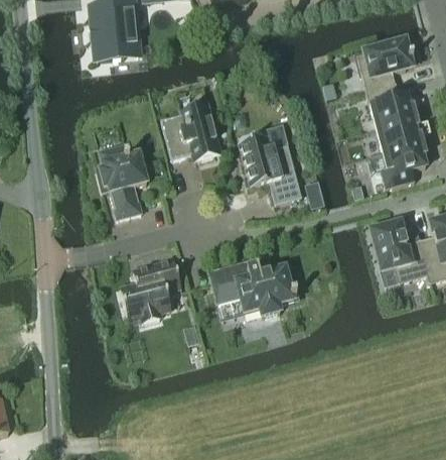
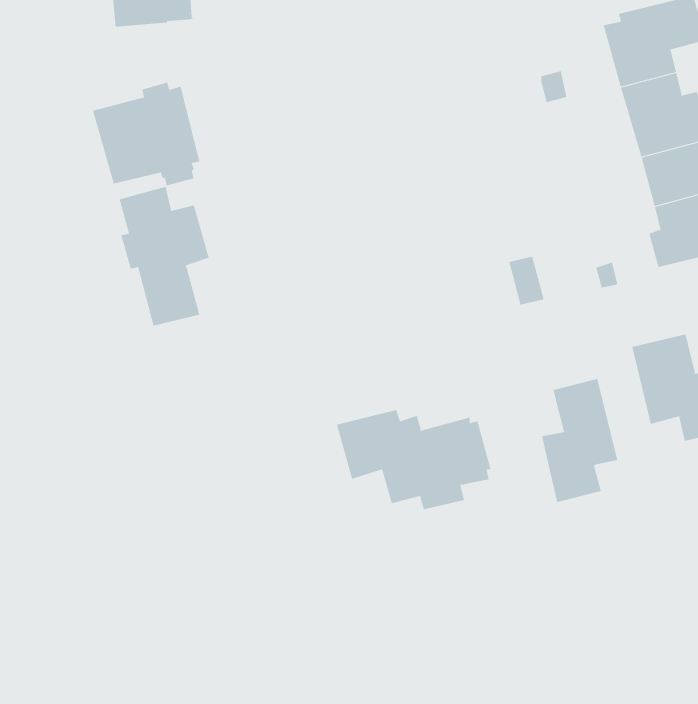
building: [160,103,217,158] -> [92,82,200,186]
building: [241,133,301,202] -> none
building: none -> [542,378,618,503]
building: [120,258,180,321] -> none

